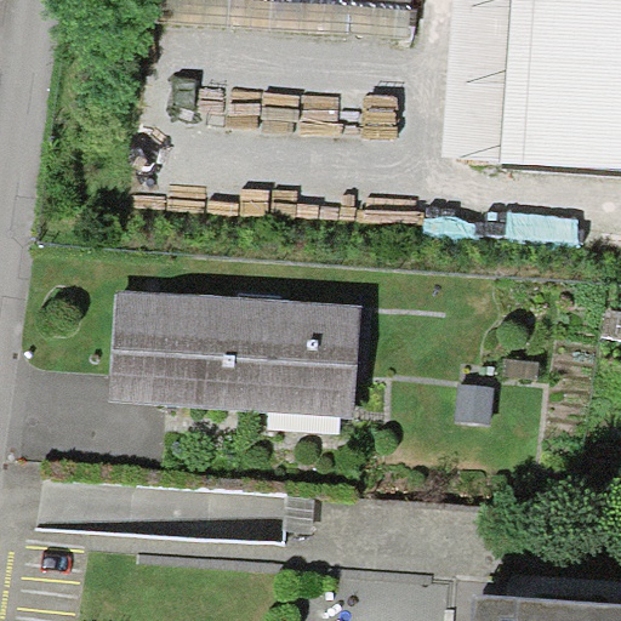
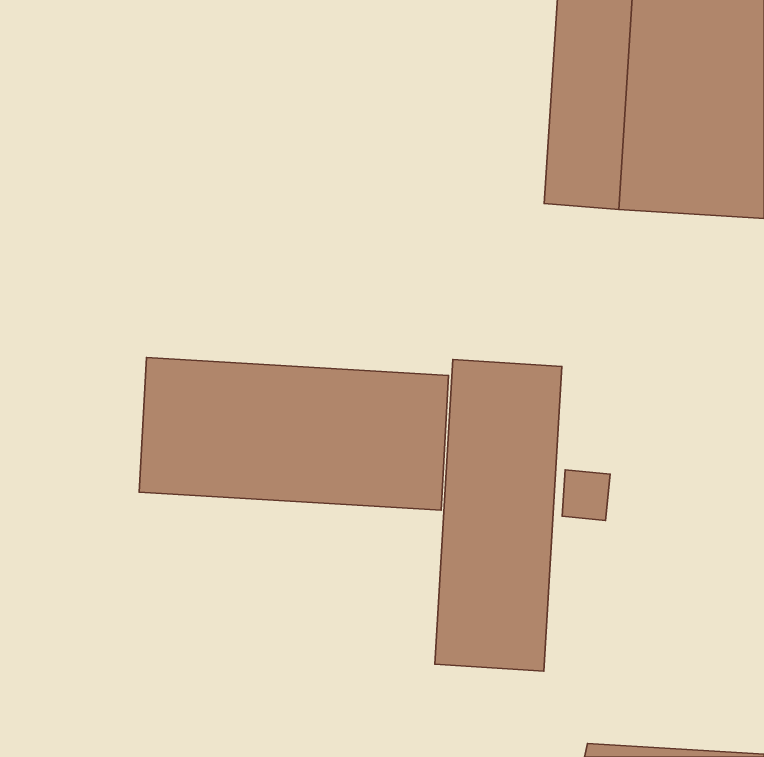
building: none -> [435,360,562,671]

